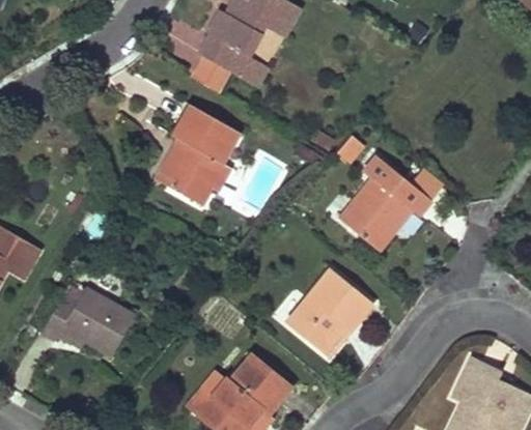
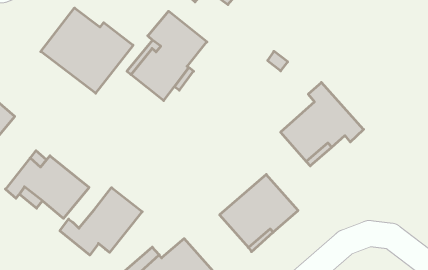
building: none -> [41,8,133,93]
building: none -> [60,188,142,255]

